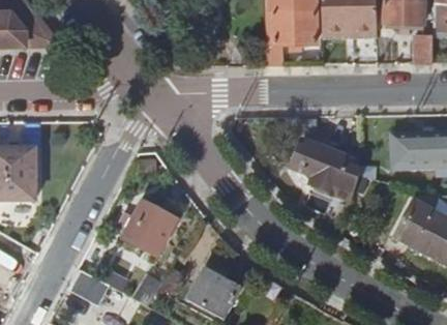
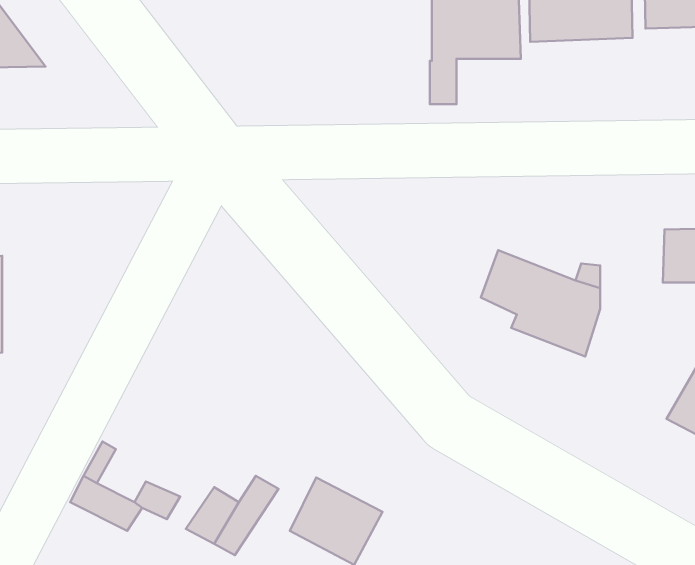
building: [124,201,174,254] -> none

